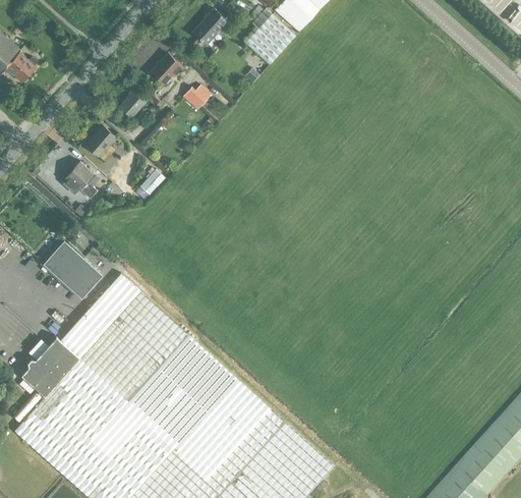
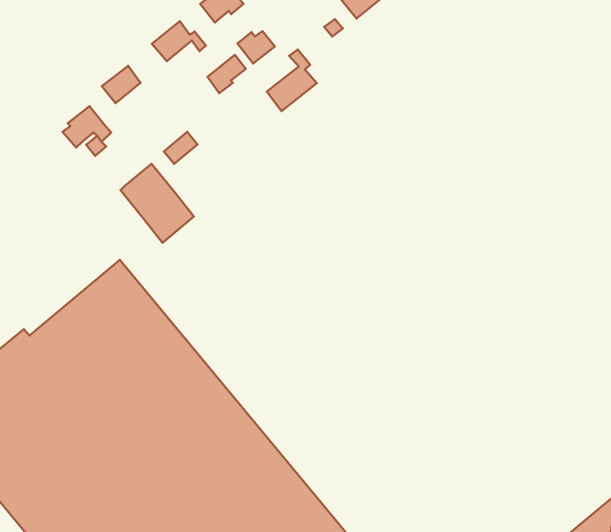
building: none -> [267,50,317,111]
building: none -> [207,55,246,93]
building: [44,240,102,298] -> [120,164,194,243]

